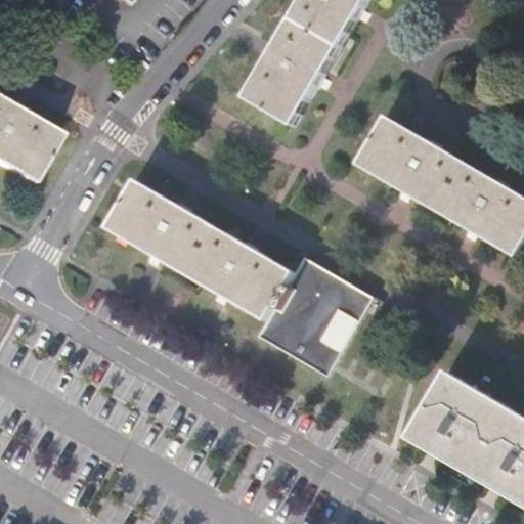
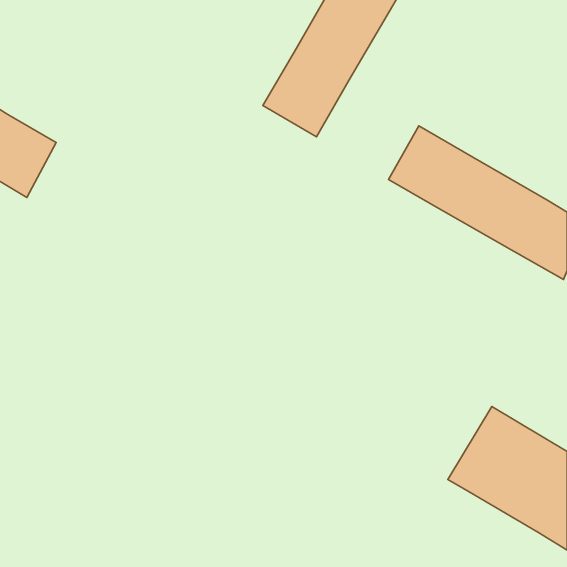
building: [103,178,372,374] -> none

